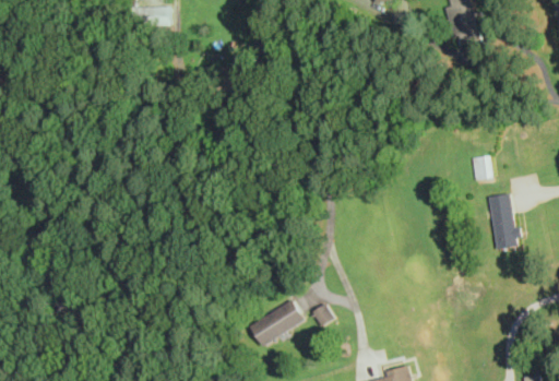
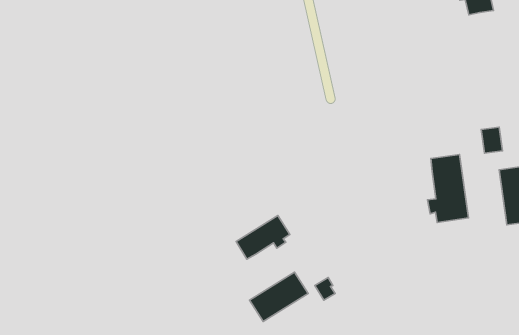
building: none -> [427,155,468,223]
building: none -> [236,215,290,259]

